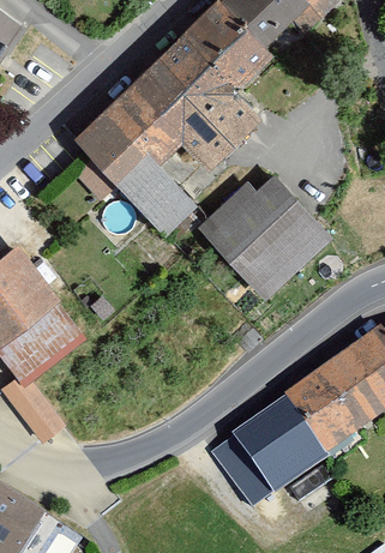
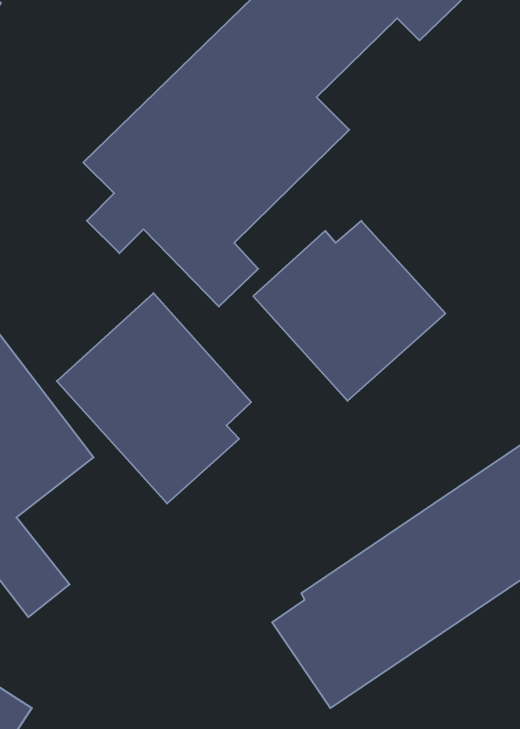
building: none -> [57,293,251,504]

